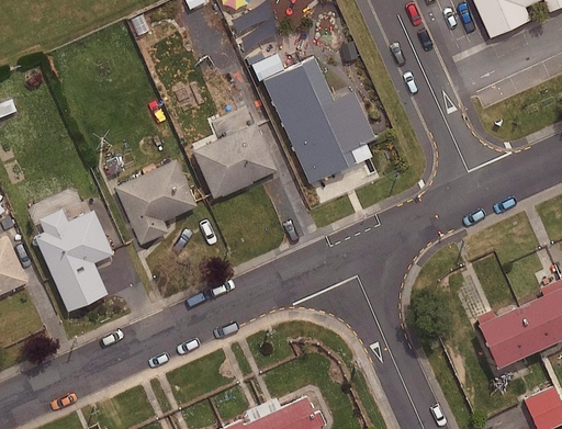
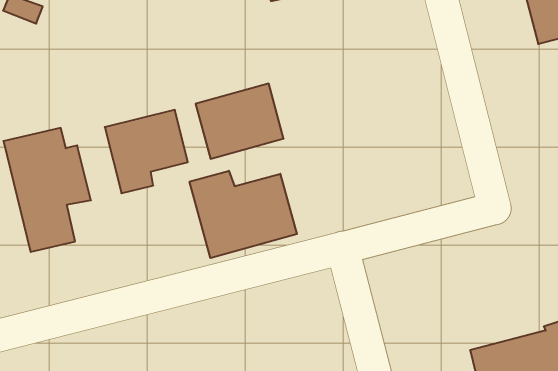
building: [256,54,375,184] -> none
building: none -> [190,171,297,258]

